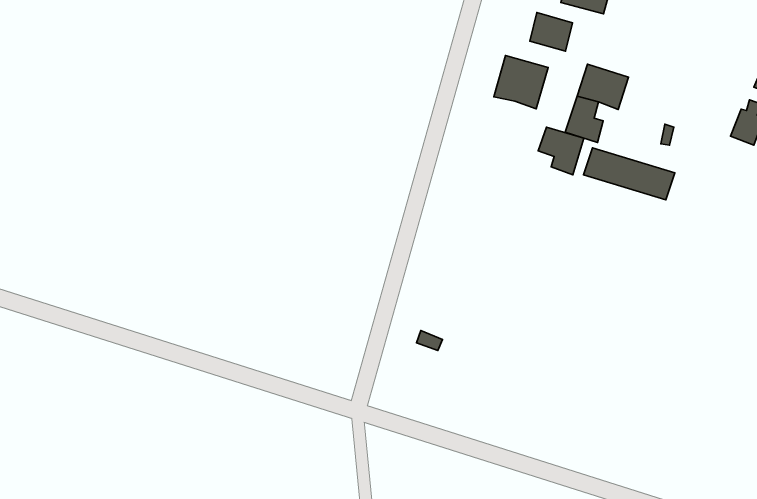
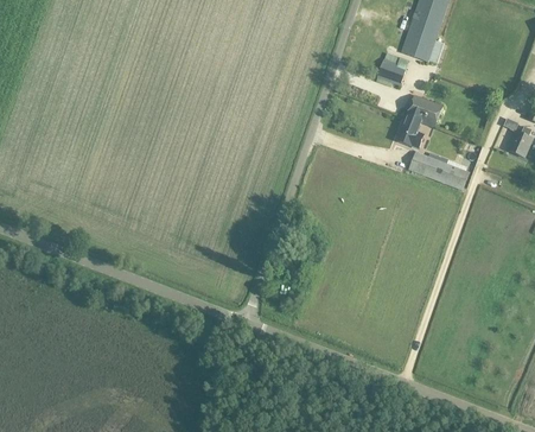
building: [494,55,548,109] -> none
building: [538,127,584,175] -> none

